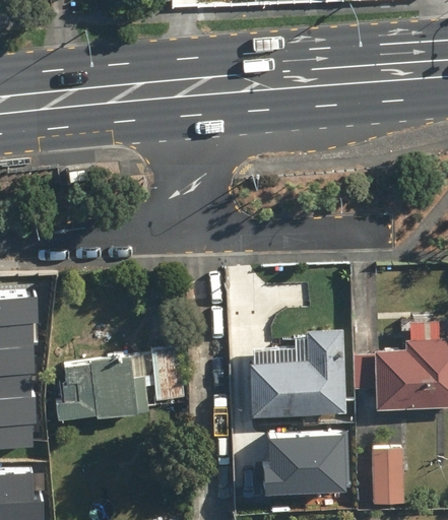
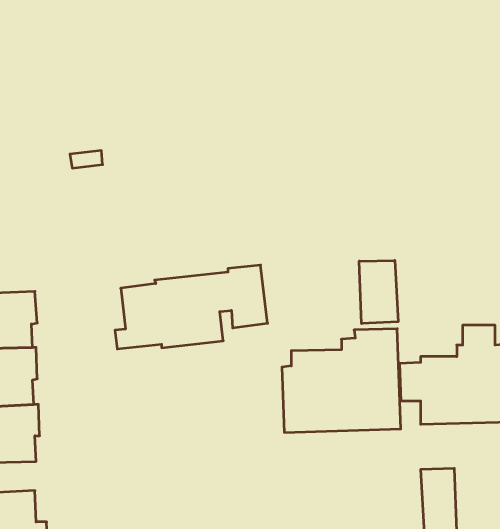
building: none -> [359,260,398,324]
building: [49,348,182,421] -> [115,265,268,349]
building: [263,432,344,491] -> none

